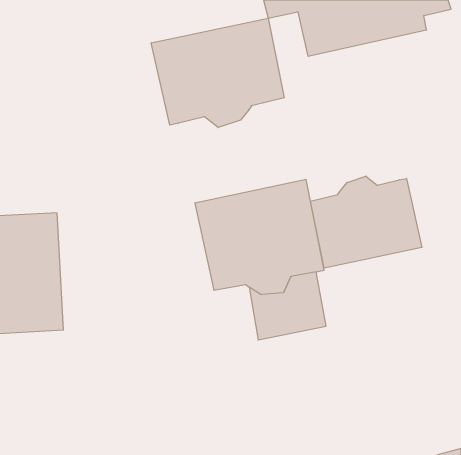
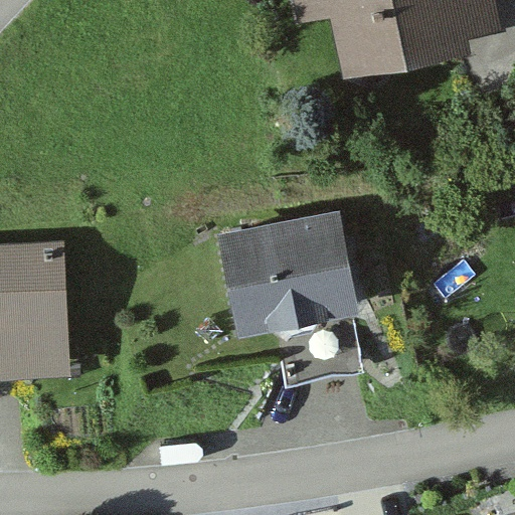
building: [151,18,284,128] -> none
building: [310,176,422,268] -> none

